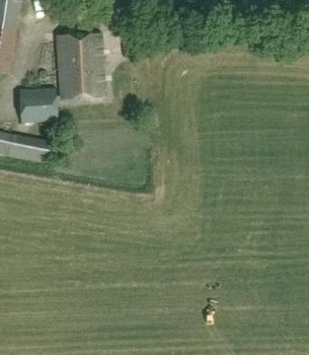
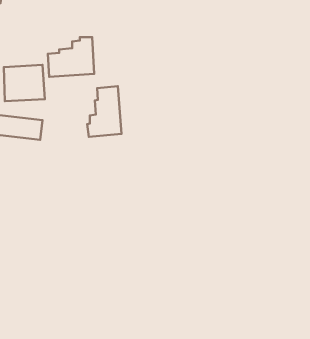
building: [58,34,101,79] -> none
building: none -> [87,86,121,137]

